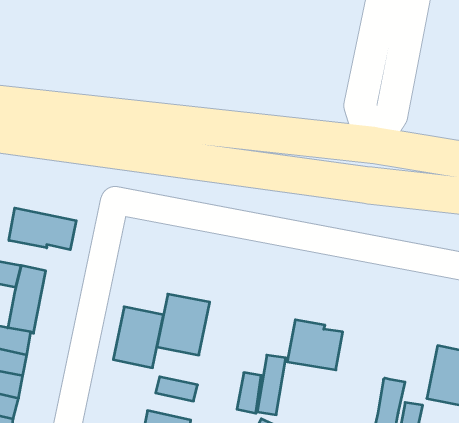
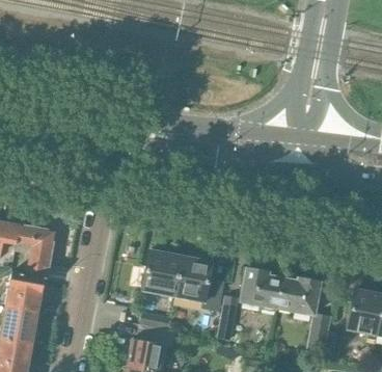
building: [9,208,76,250] -> none
building: [113,307,163,368] -> [171,255,210,301]
building: none -> [276,277,319,314]

